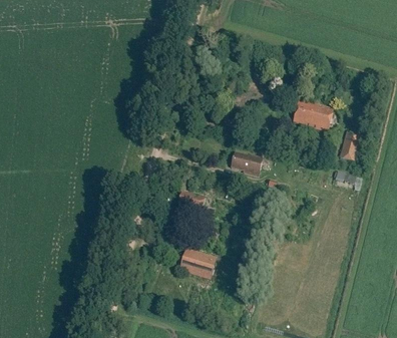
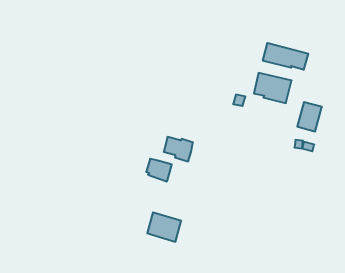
building: none -> [263,43,308,70]
building: [231,151,262,178] -> [164,137,193,161]

